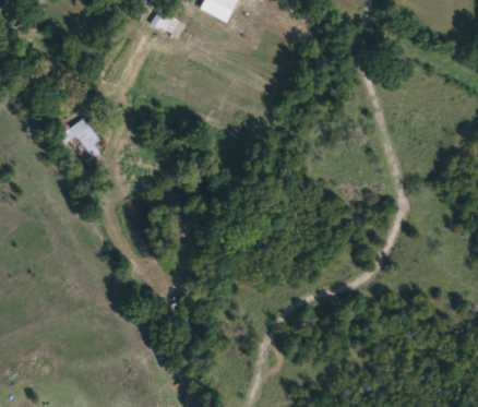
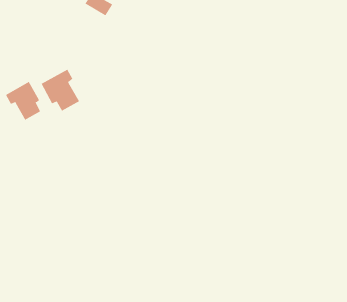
building: none -> [41,69,80,111]

